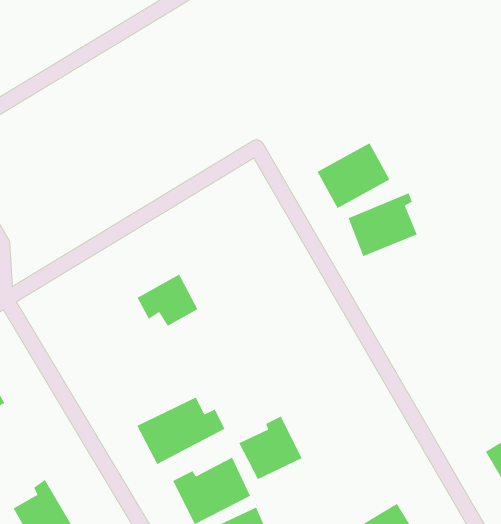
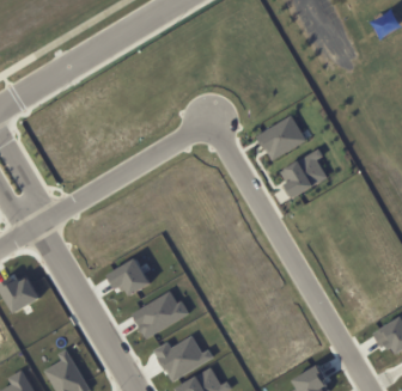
building: [137,273,198,327] -> [103,258,146,295]
building: [238,415,303,480] -> none

